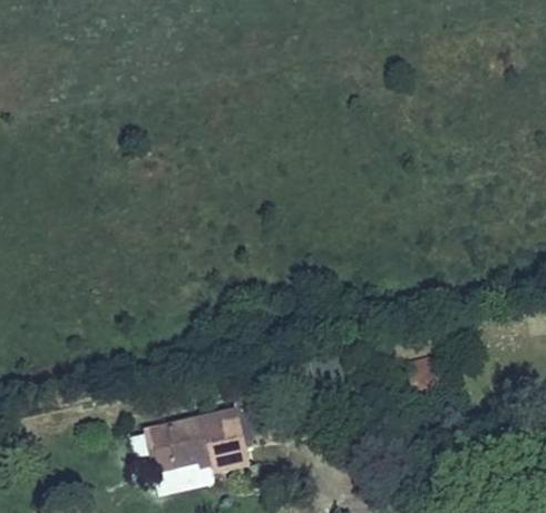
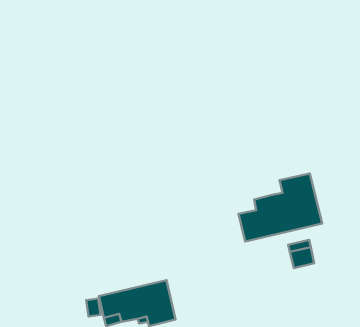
building: none -> [238,173,322,241]

